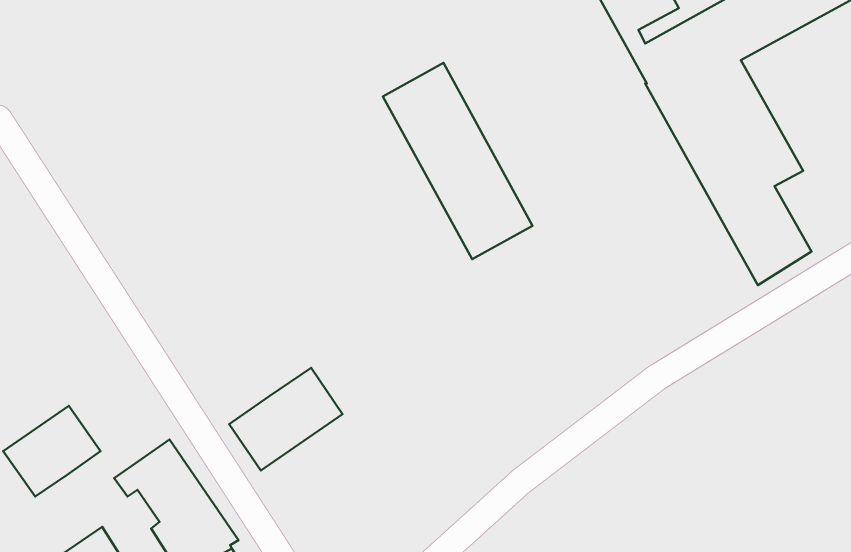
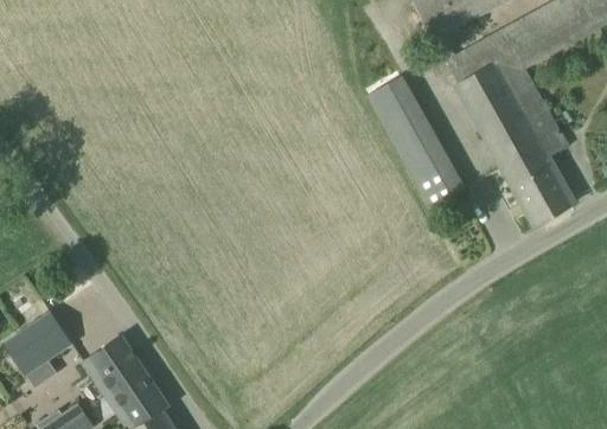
building: [383,63,533,259] -> [368,72,473,211]
building: [229,368,343,471] -> none

